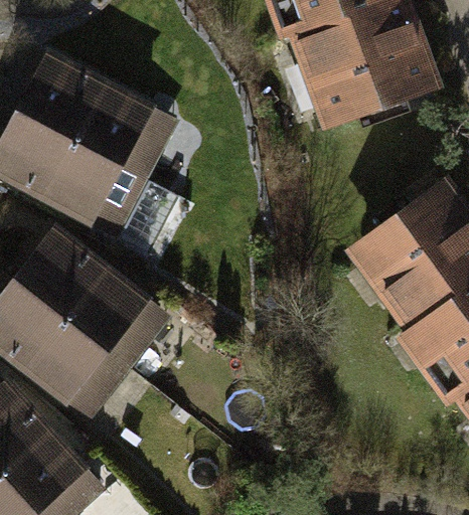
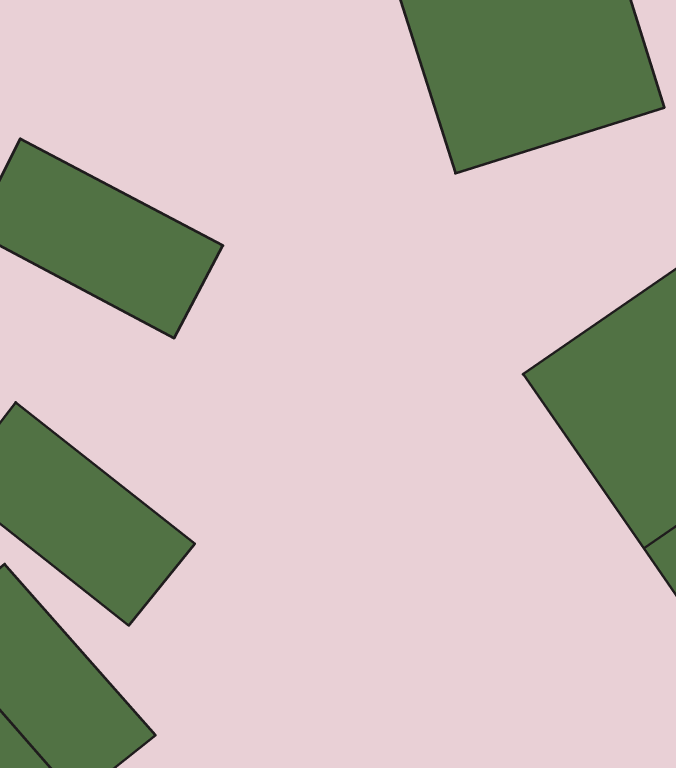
building: [21,50,181,175] -> none
building: [18,225,173,366] -> none

